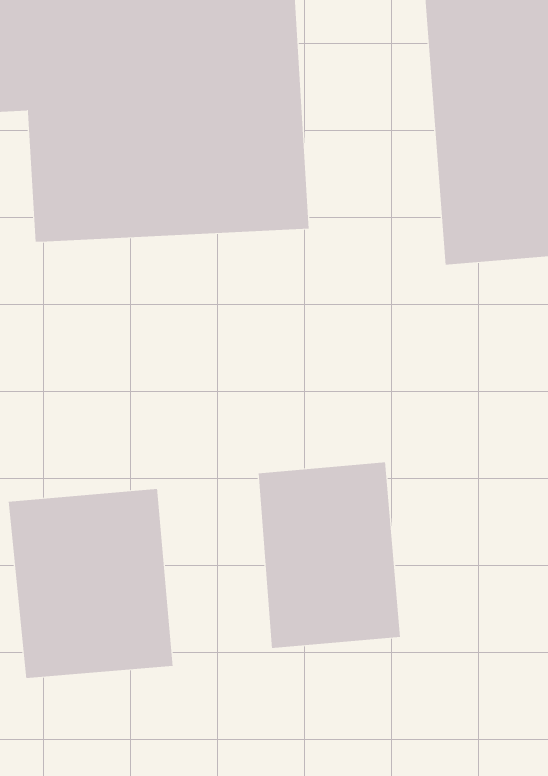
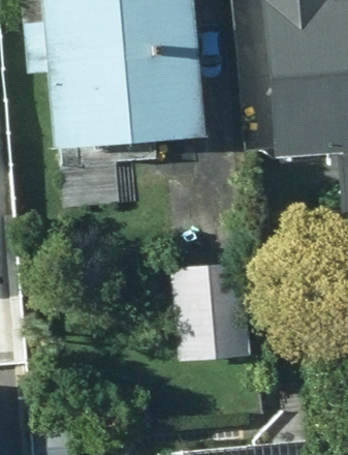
building: [8,488,173,679] -> none

